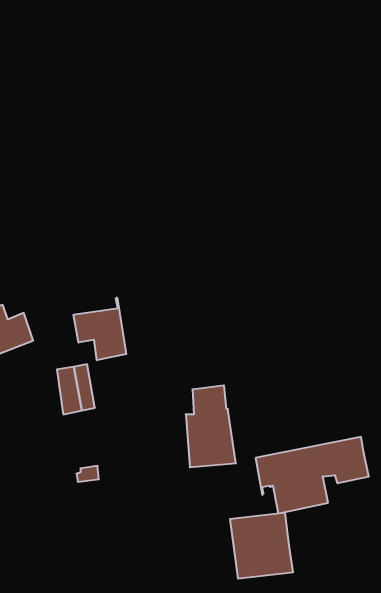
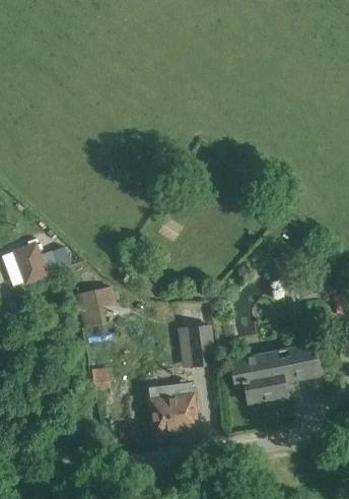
building: [74,298,126,360] -> none
building: [230,513,293,579] -> [149,382,198,433]

